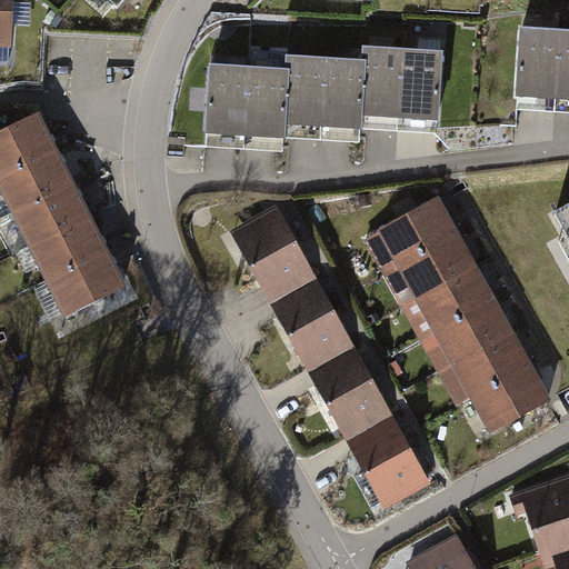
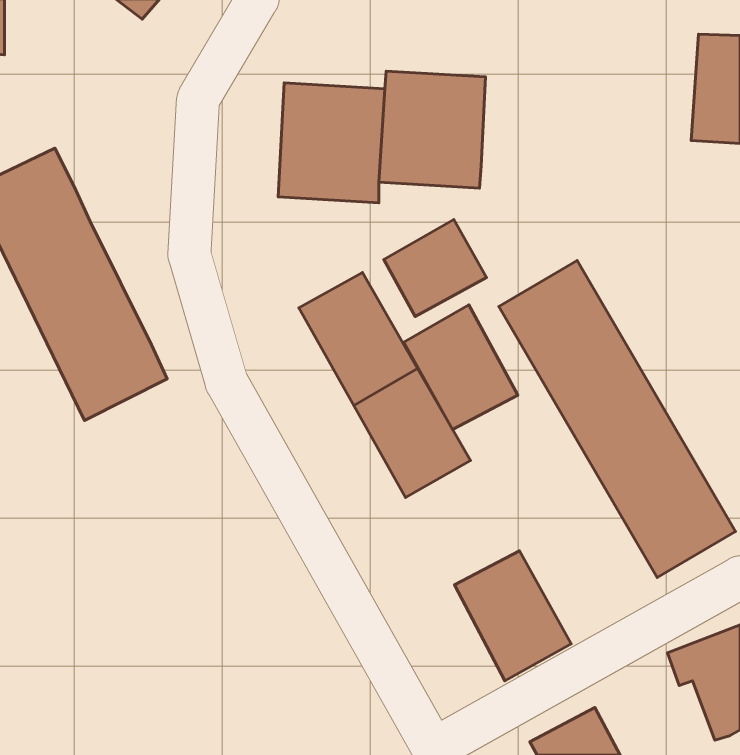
building: [361,43,446,129] -> none
building: none -> [384,220,486,316]
building: [305,346,390,439] -> [404,305,518,429]

